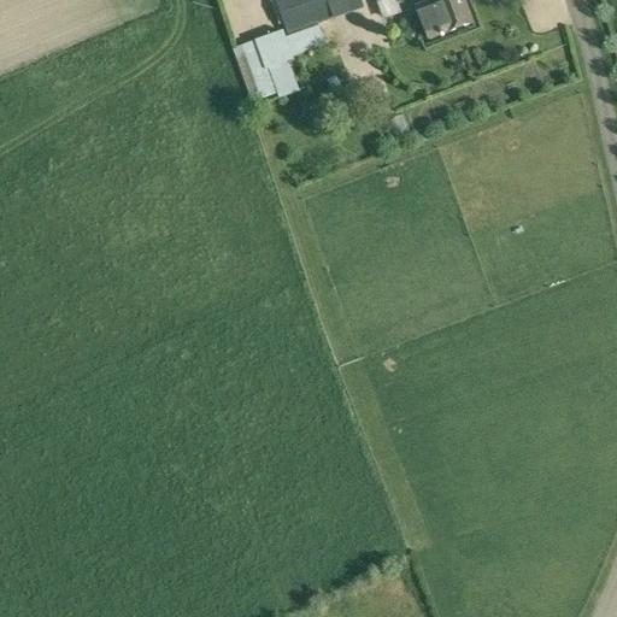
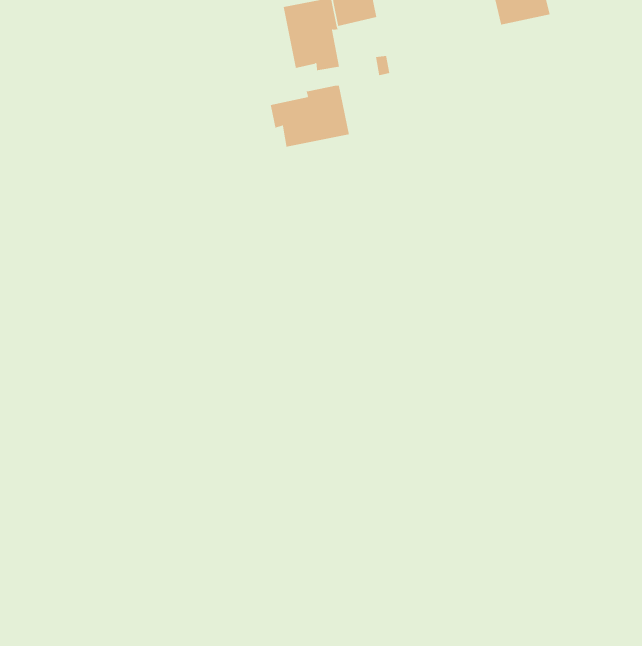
building: none -> [270,85,349,148]

